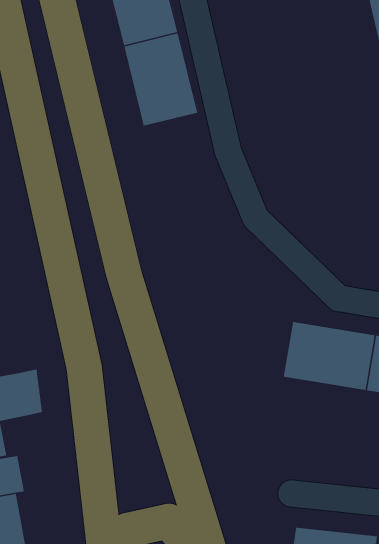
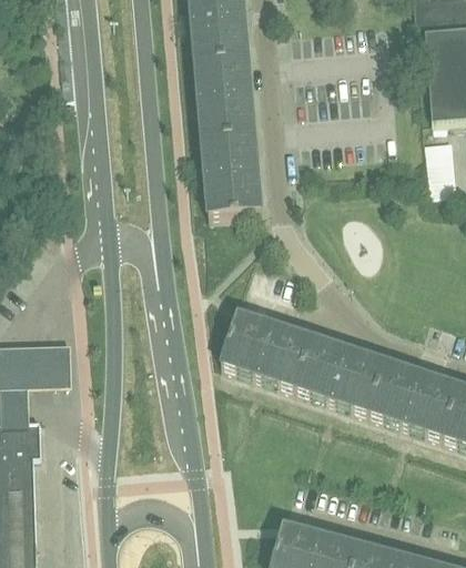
building: none -> [202,132,261,214]
building: none -> [221,313,311,386]

